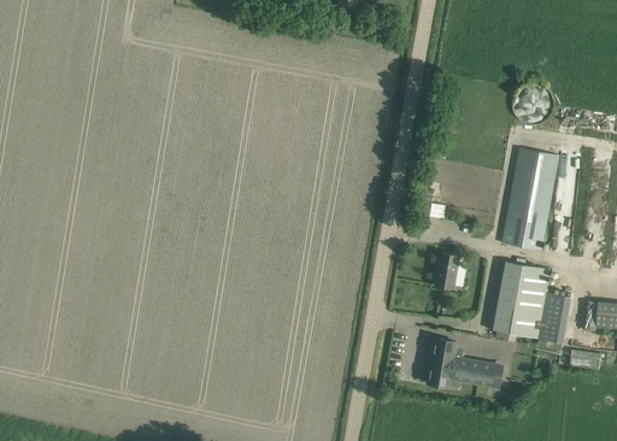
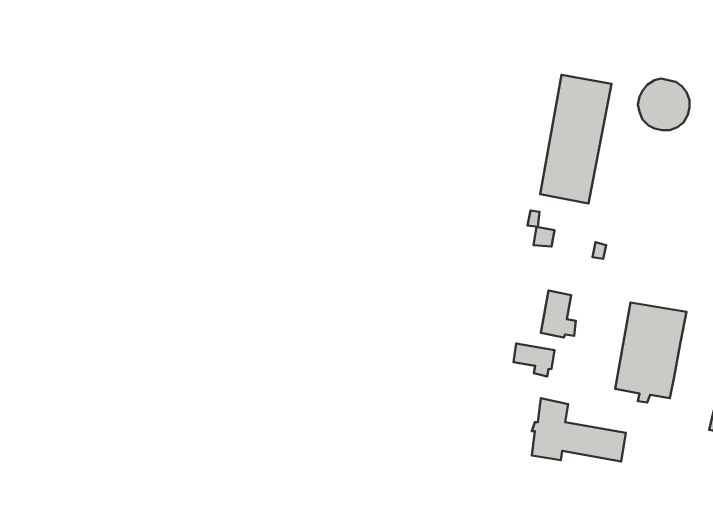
building: [503,147,559,249] -> [540,75,611,203]
building: none -> [513,344,554,377]

